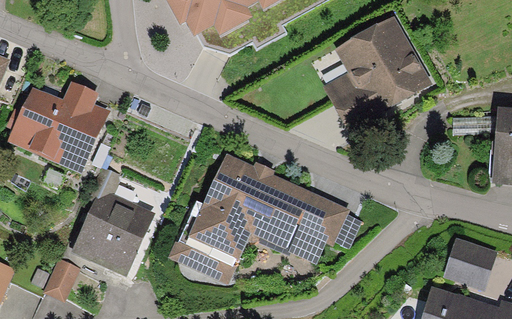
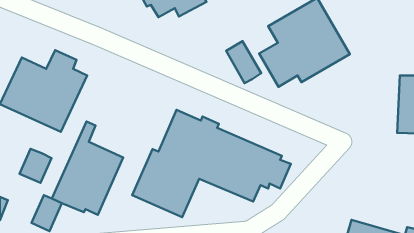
building: none -> [226,41,261,83]
building: none -> [19,149,52,183]
building: [441,237,495,290] -> none

